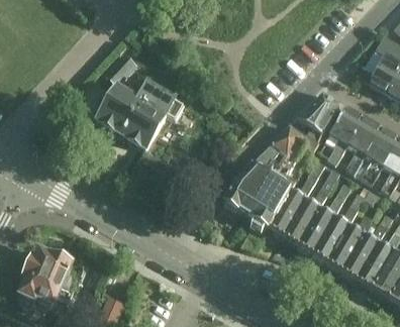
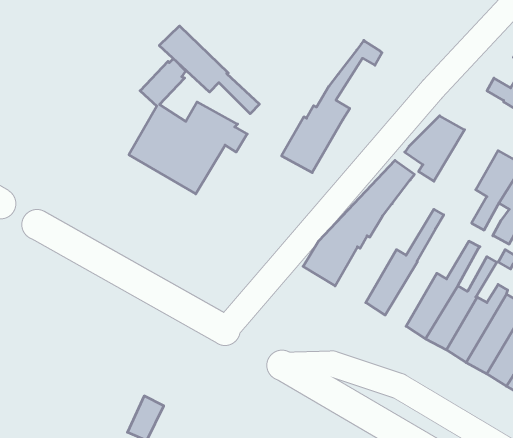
building: none -> [159,26,259,114]
building: [327,106,365,165] -> none
building: [246,131,319,227] -> [282,40,382,173]
building: [283,168,340,244] -> none
building: [19,248,74,309] -> none

